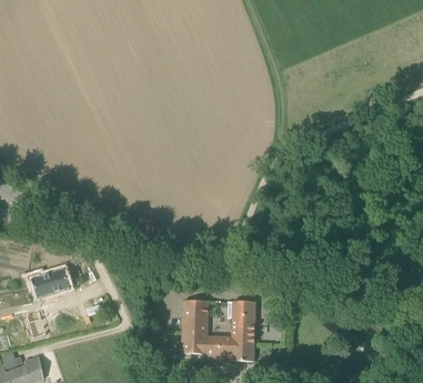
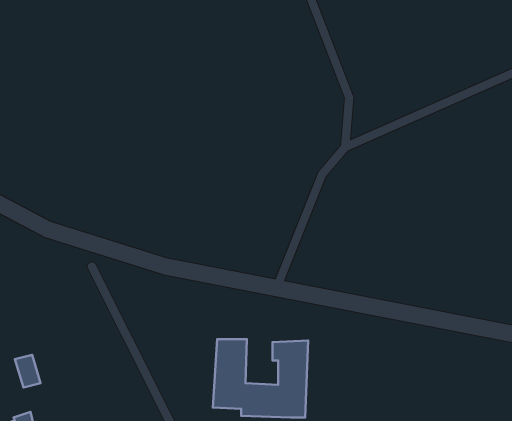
building: [29,269,69,296] -> none

